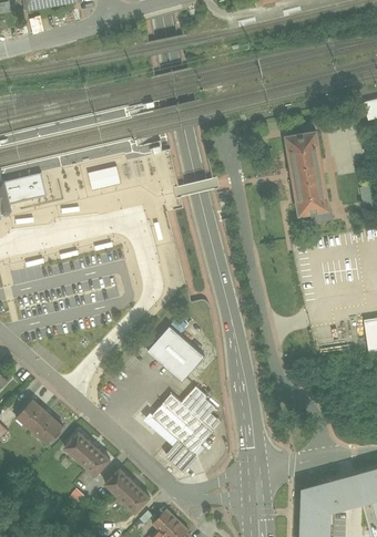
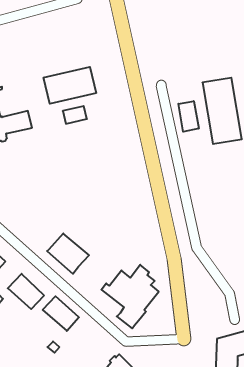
building: none -> [44,67,96,104]
building: none -> [178,101,199,132]
building: [147,328,205,383] -> [47,233,89,274]
building: [102,464,150,512] -> none

